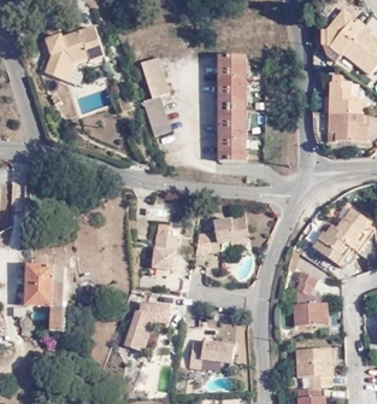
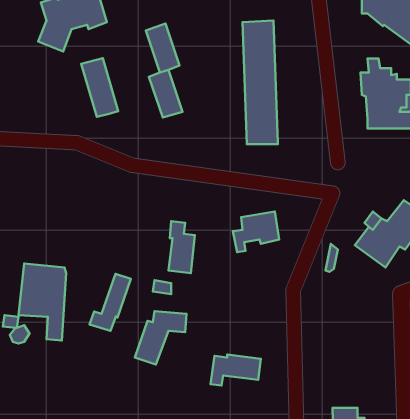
building: none -> [81,58,118,117]
building: [296,267,323,322] -> none
building: none -> [90,274,131,331]
building: [295,345,330,385] -> none

